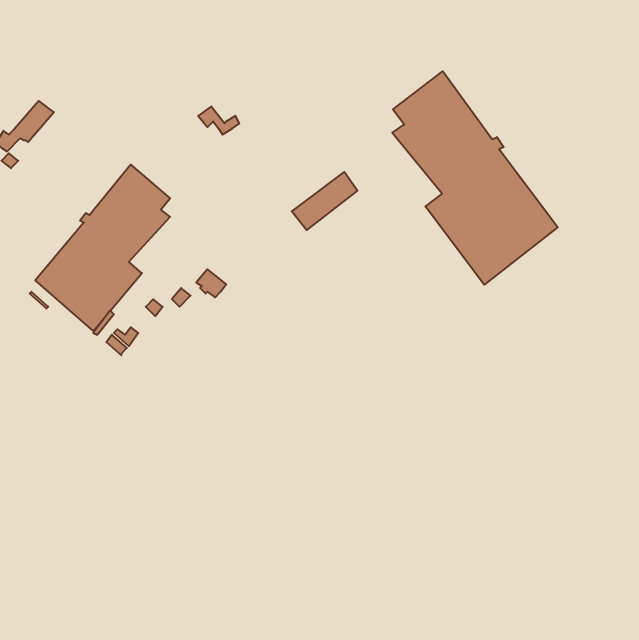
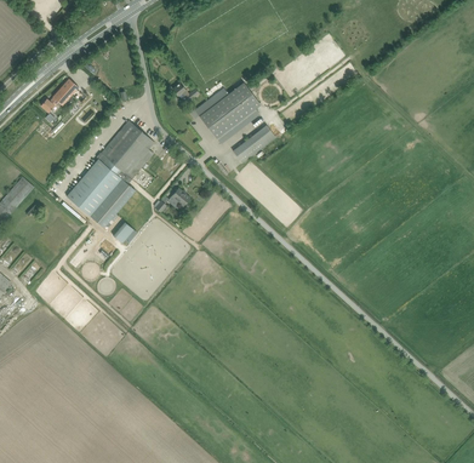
building: [392,71,558,285] -> none
building: none -> [199,82,259,138]

